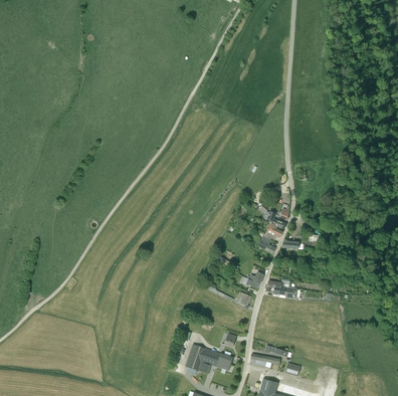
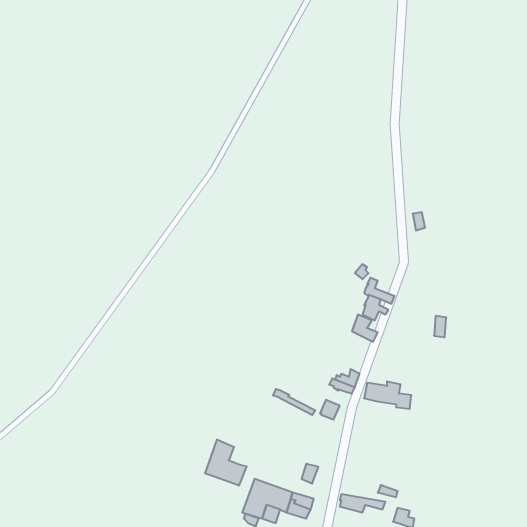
building: none -> [205,440,247,486]

